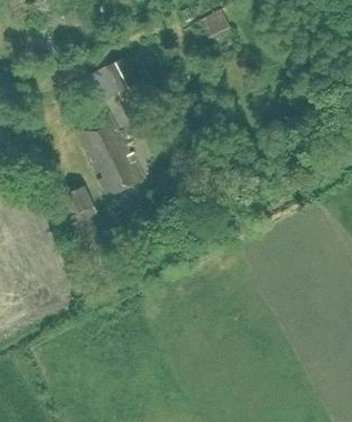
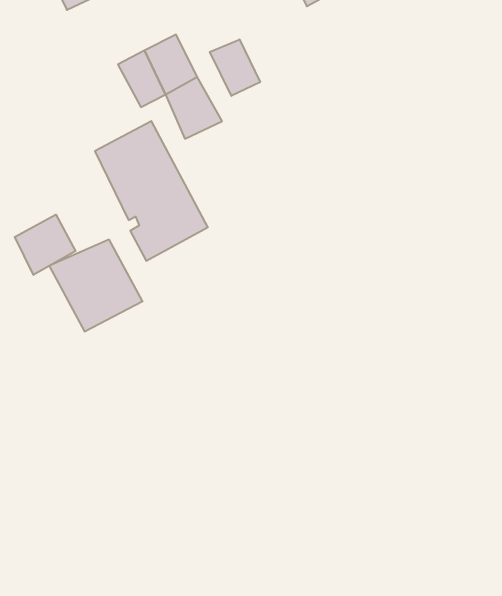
building: none -> [210,39,260,96]
building: none -> [15,215,76,275]

